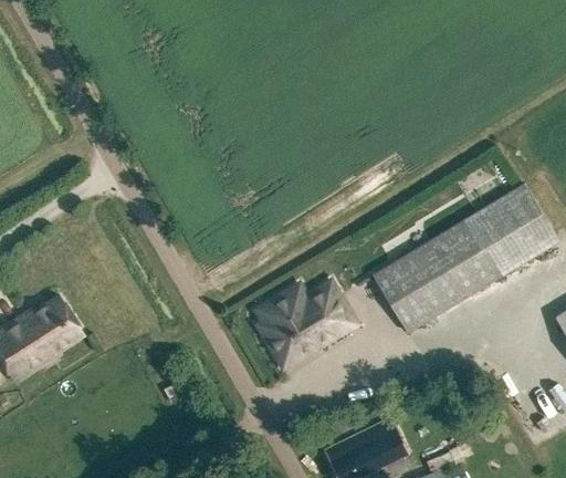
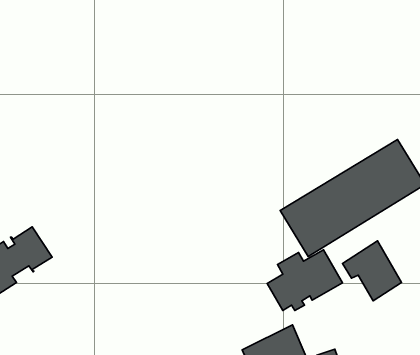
building: [258,282,354,360] -> [267,250,343,311]
building: none -> [342,241,402,301]

